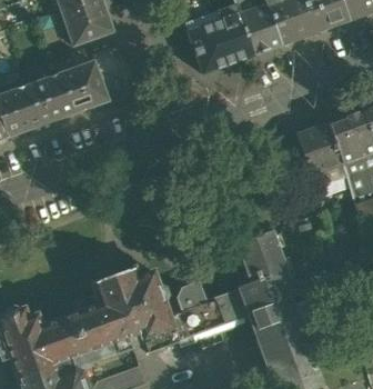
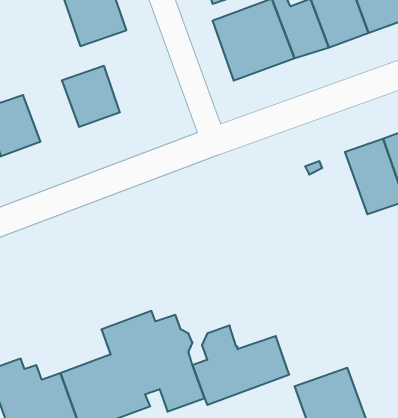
building: [26,73,72,124] -> none
building: [235,229,298,330] -> none

